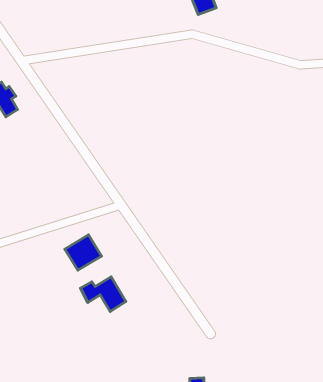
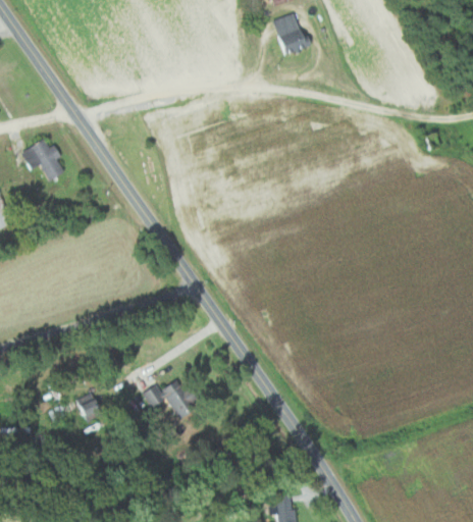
building: [65,235,101,270] -> none
building: none -> [74,392,103,423]

